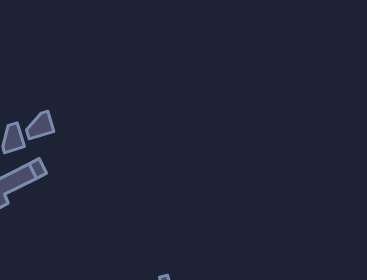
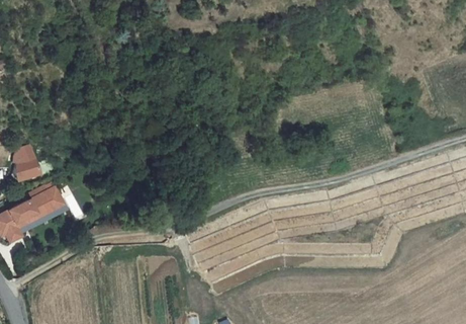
building: [26,111,54,139] -> none

